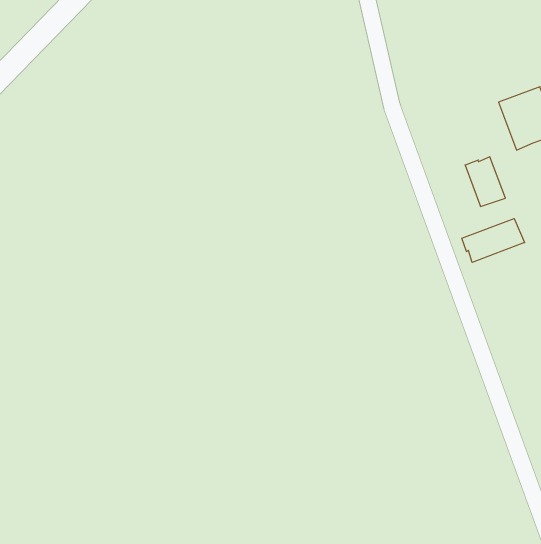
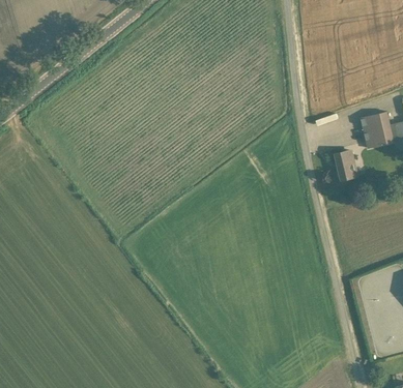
building: [462,219,525,262] -> none

